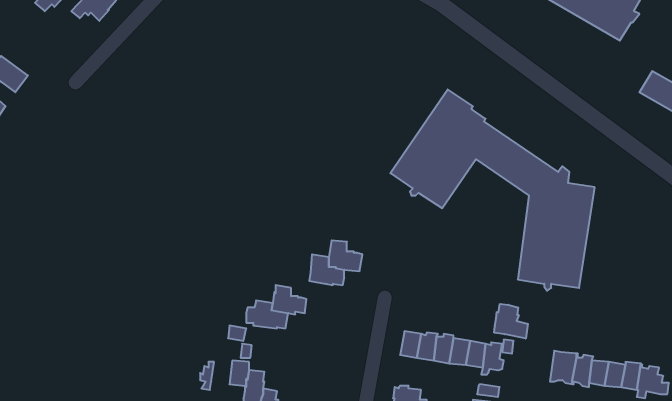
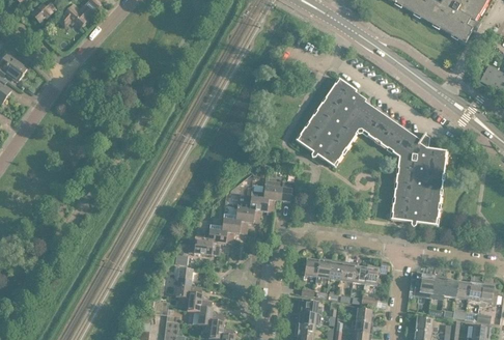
building: none -> [262,179,291,201]
building: none -> [221,213,247,233]
building: [494,304,528,339] -> none

